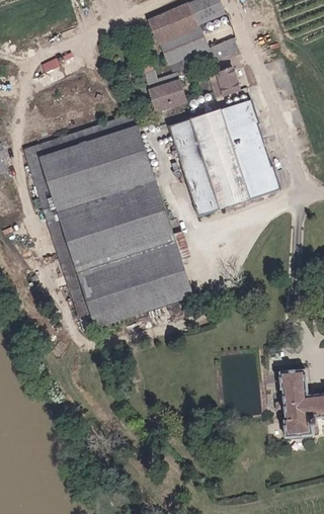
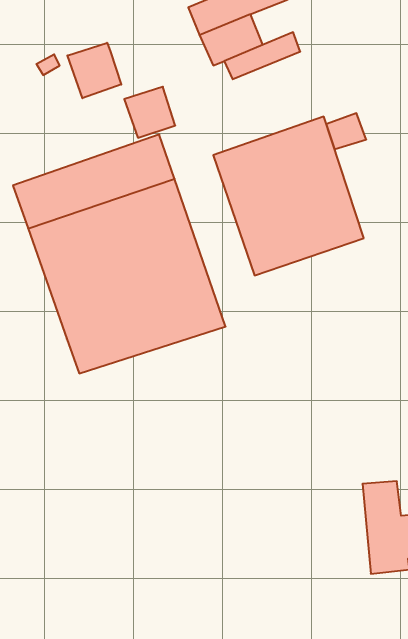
building: none -> [67,43,121,98]
building: [210,69,239,95] -> [326,113,366,149]
building: [147,73,184,110] -> [124,87,175,138]
building: [72,254,196,329] -> none

